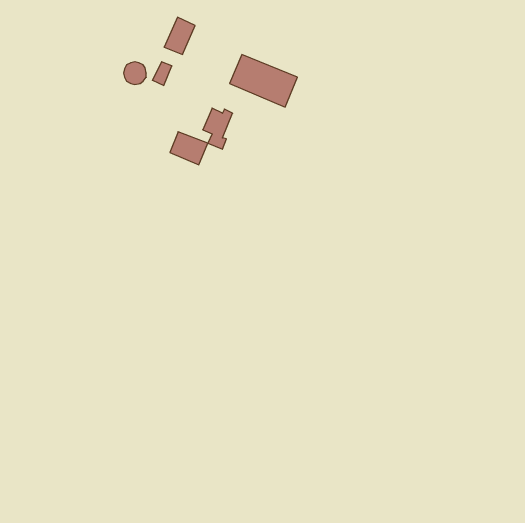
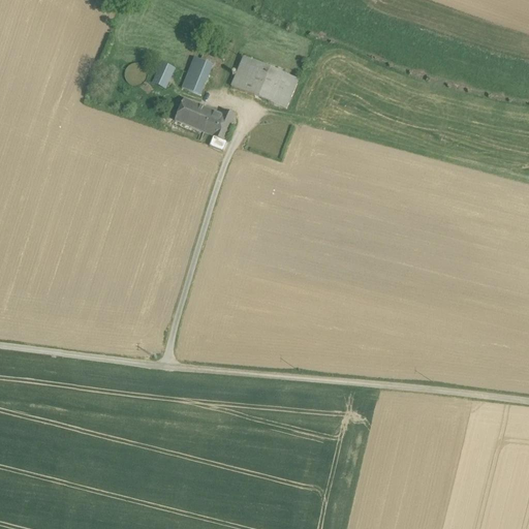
building: [164,17,195,54] -> [181,56,212,93]
building: [170,132,208,165] -> [175,97,213,130]

